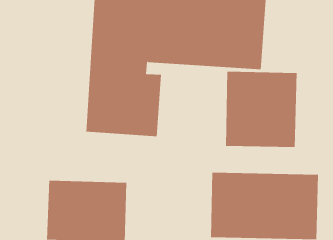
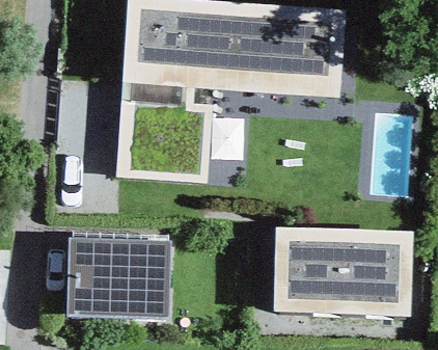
building: [226,71,297,148] -> none

